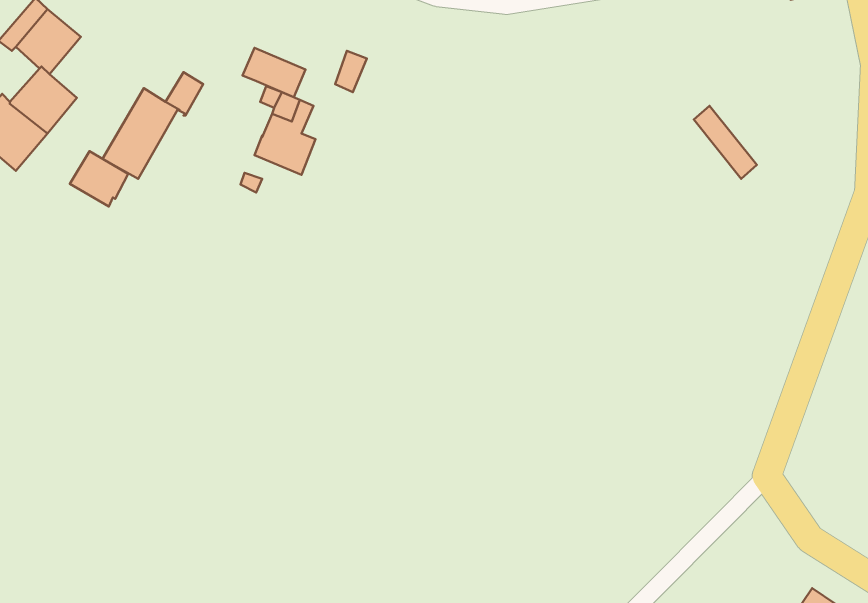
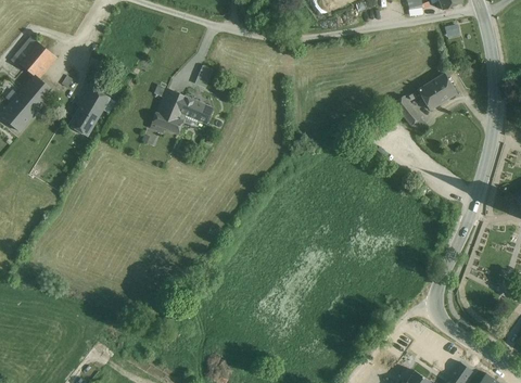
building: [243,48,306,97] -> [178,97,213,124]
building: none -> [418,74,457,111]
building: [70,151,128,206] -> none

